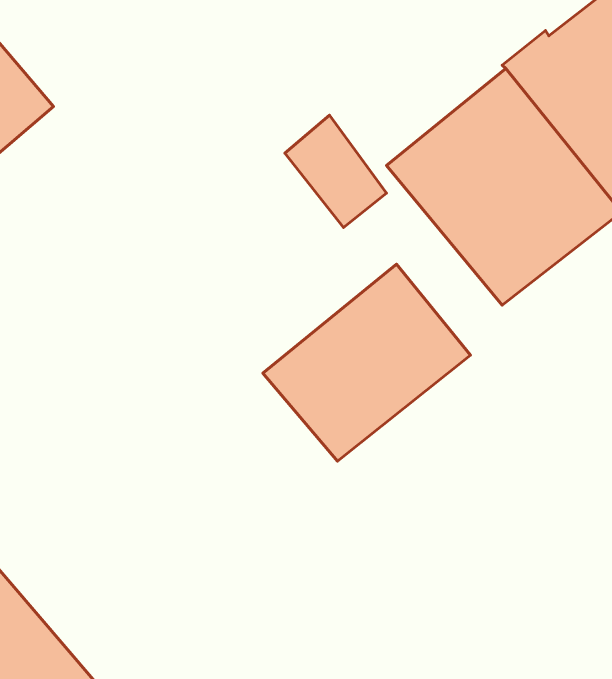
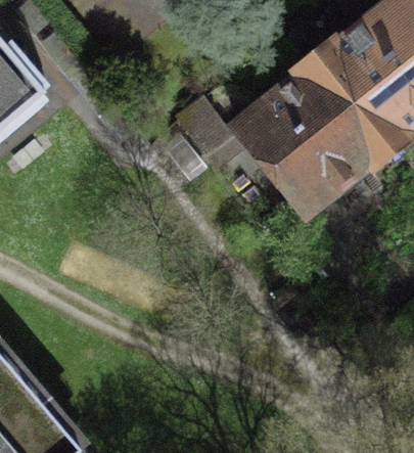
building: [263,264,470,461] -> none

